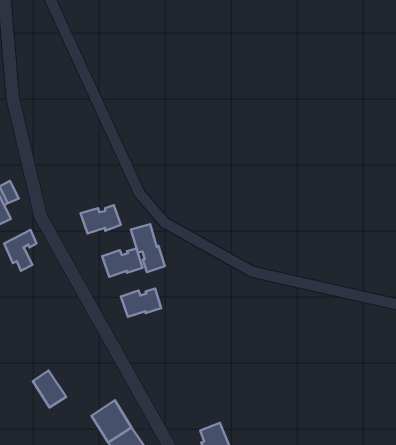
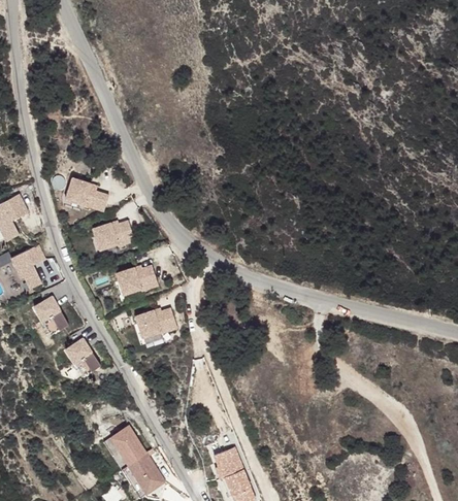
building: none -> [64,177,108,211]
building: [131,224,165,272] -> none
building: none -> [33,296,68,335]
building: [33,370,66,408] -> [65,337,100,376]

